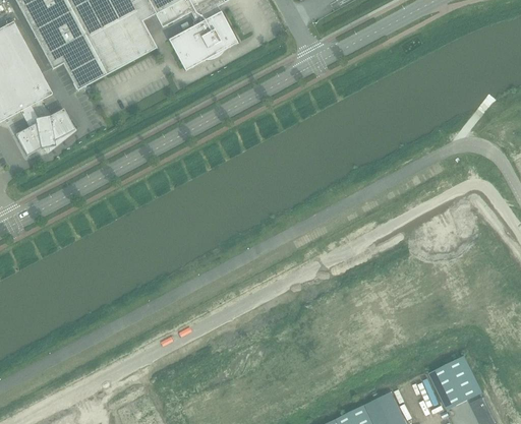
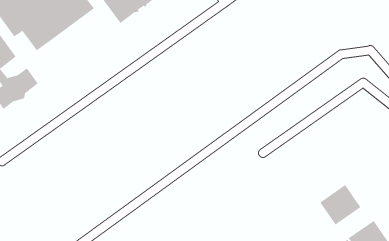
building: none -> [320,184,361,225]

